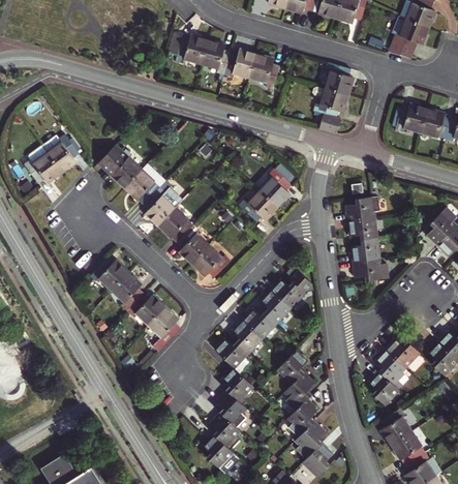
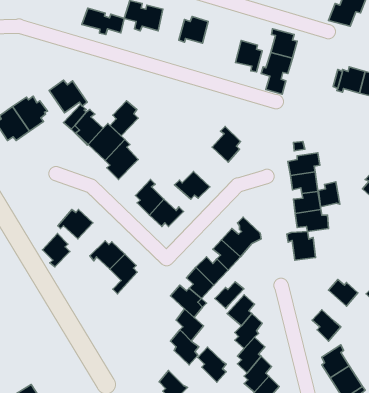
building: none -> [82,8,124,35]
building: [202,39,231,73] -> none
building: [250,53,279,87] -> [236,41,262,72]
building: none -> [49,80,87,113]
building: none -> [110,101,138,136]
building: [240,190,278,220] -> [175,172,210,199]
building: [158,208,193,243] -> none
building: none -> [318,182,340,207]
building: [114,273,144,309] -> [42,234,70,267]
building: none -> [287,231,316,260]
building: none -> [215,282,244,308]
building: [377,346,407,381] -> none
building: [209,413,240,451] -> [198,347,226,382]

